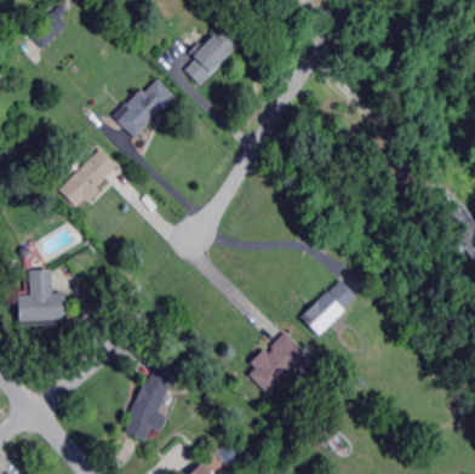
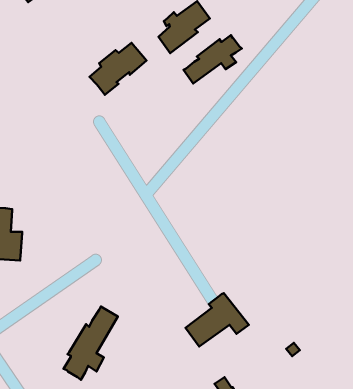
building: none -> [184,35,242,83]
building: [58,149,116,206] -> none
building: [302,279,356,333] -> none

